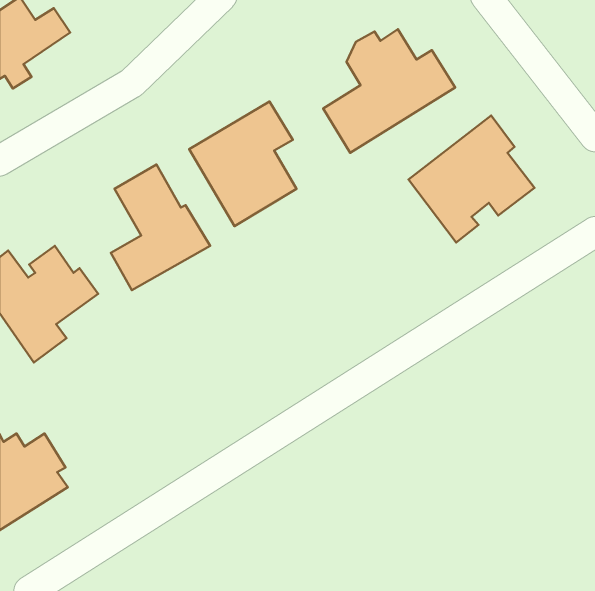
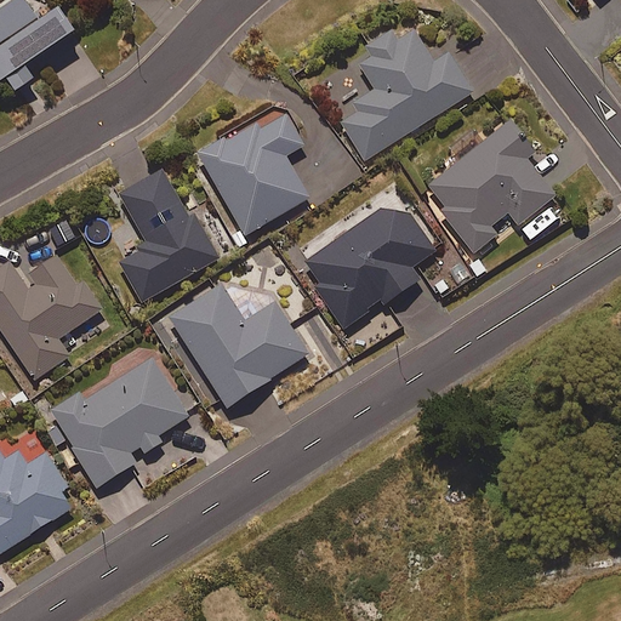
building: none -> [300,206,441,329]
building: none -> [164,283,308,410]
building: none -> [49,359,188,486]

